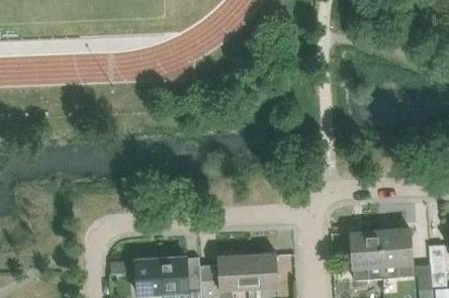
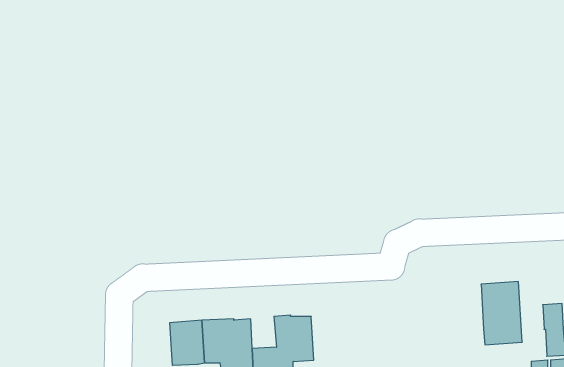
building: [335,230,383,283] -> none
building: [247,253,278,290] -> none

